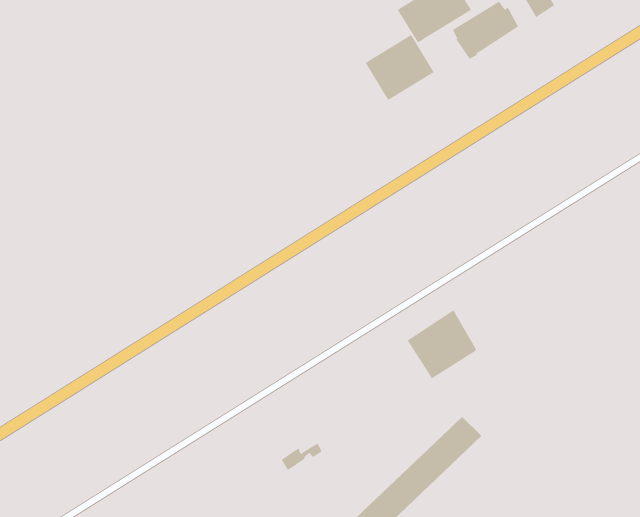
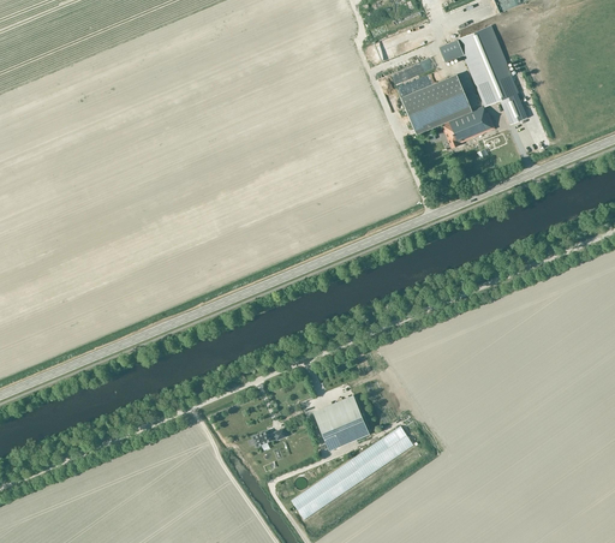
building: [365,34,435,101] -> none
building: [407,310,477,379] -> [315,398,369,449]

